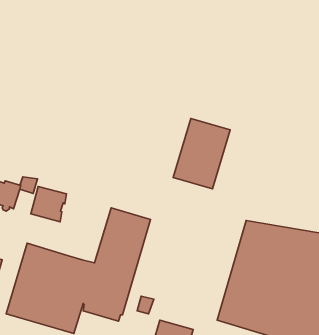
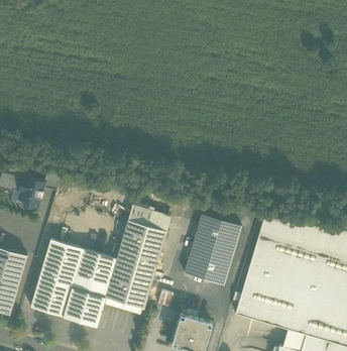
building: [173,118,230,189] -> [185,216,240,284]
building: [31,187,67,222] -> none

